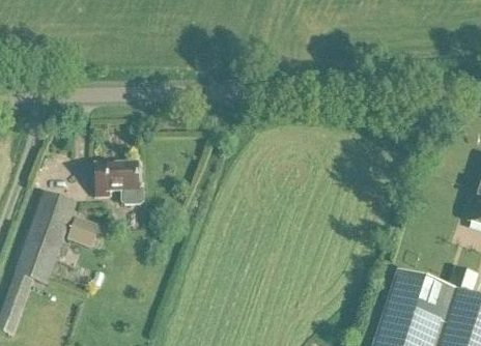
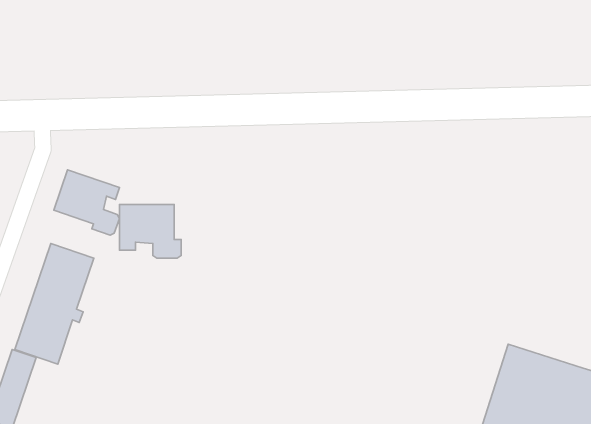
building: none -> [54,170,120,235]
building: [67,215,98,246] -> none

